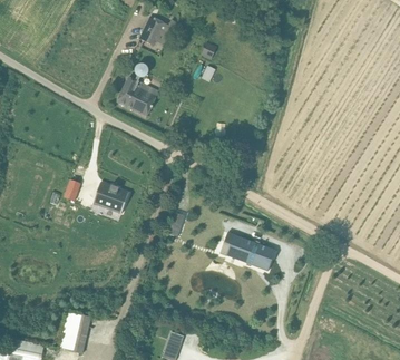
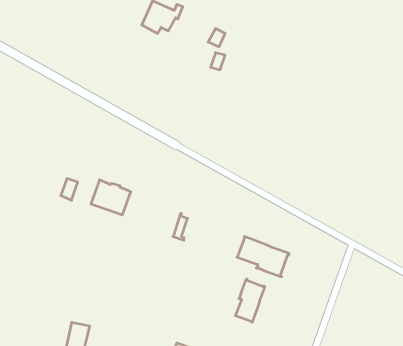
building: [116,62,157,116] -> none
building: none -> [236,279,265,322]

